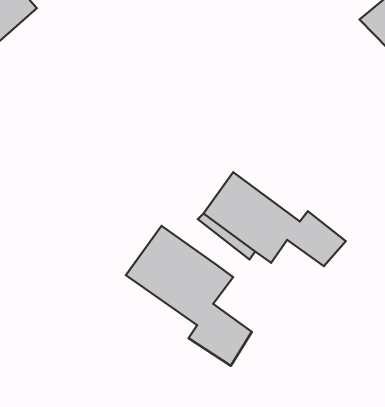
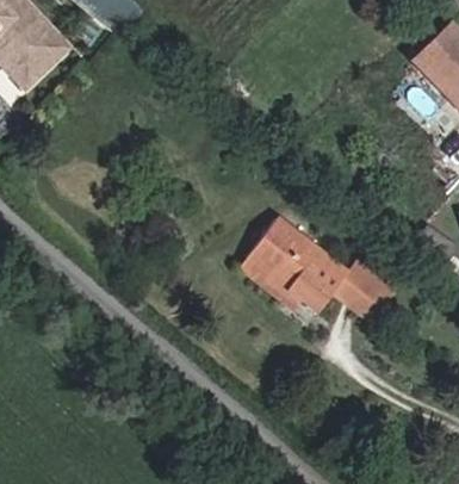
building: [126,226,252,366] -> none

